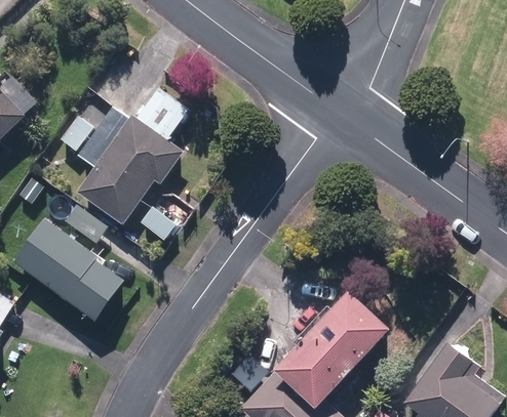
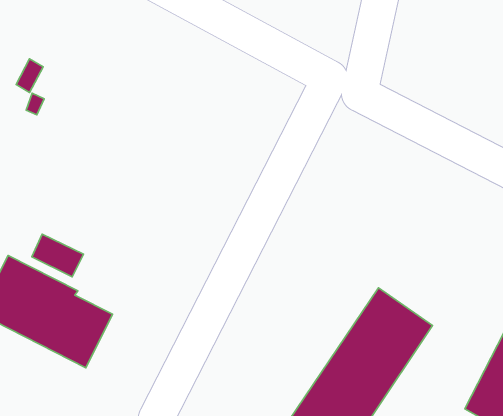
building: [77,88,188,224] -> none

